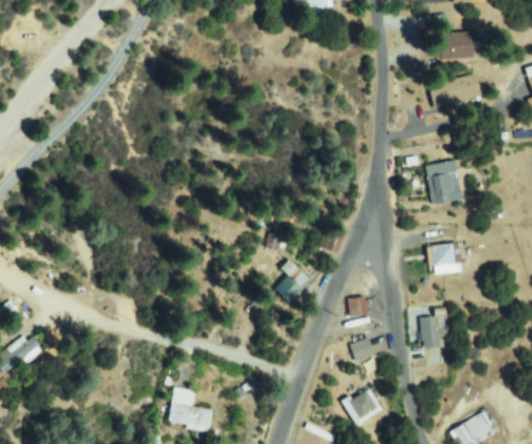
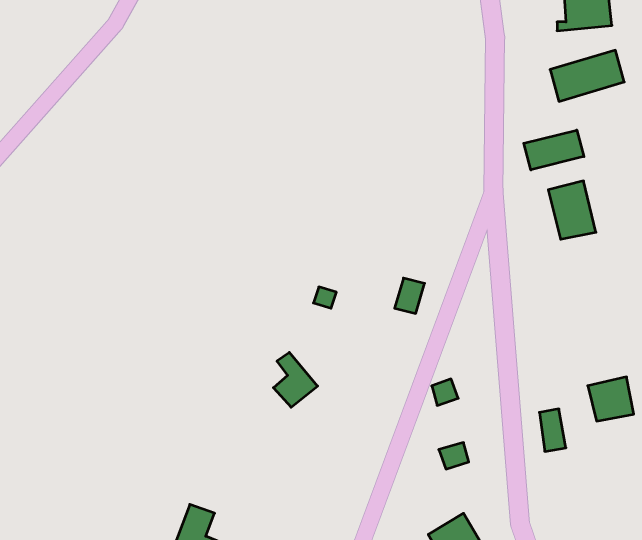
building: none -> [524,130,584,170]
building: [428,242,459,272] -> [588,377,634,421]
building: [278,260,308,298] -> [273,352,318,407]

